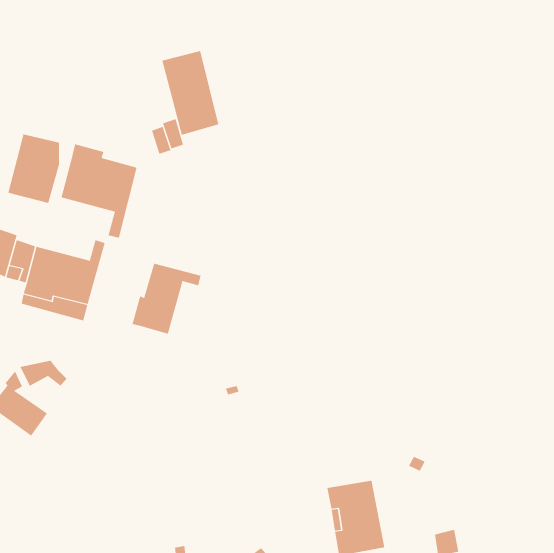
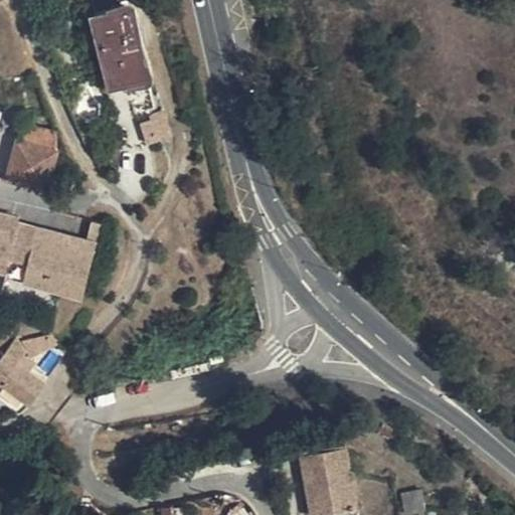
building: [162,51,219,136] -> [93,10,146,89]
building: [61,143,137,238] -> none
building: [132,263,201,335] -> none

